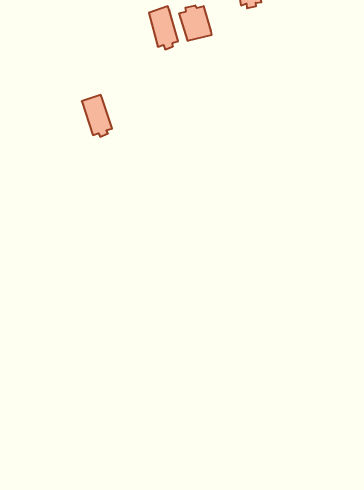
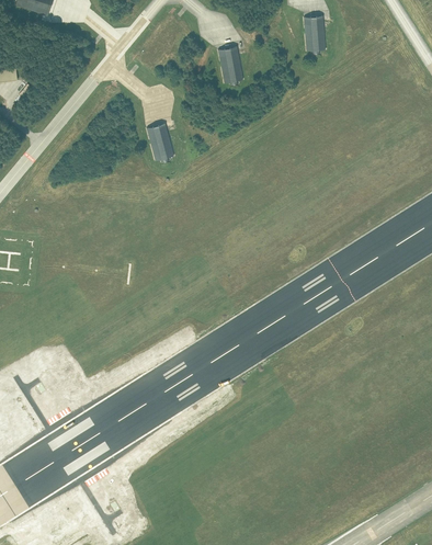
building: [179,5,211,41] -> none

